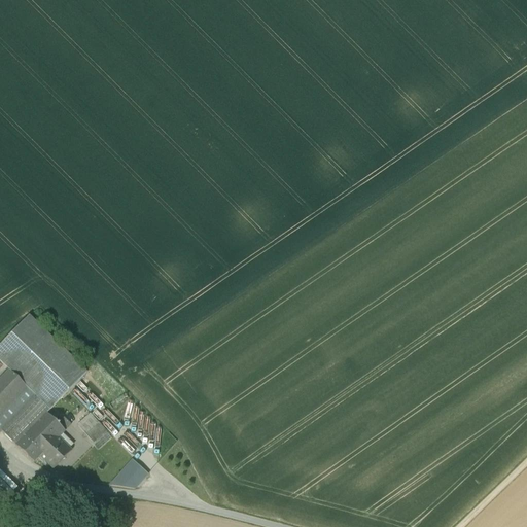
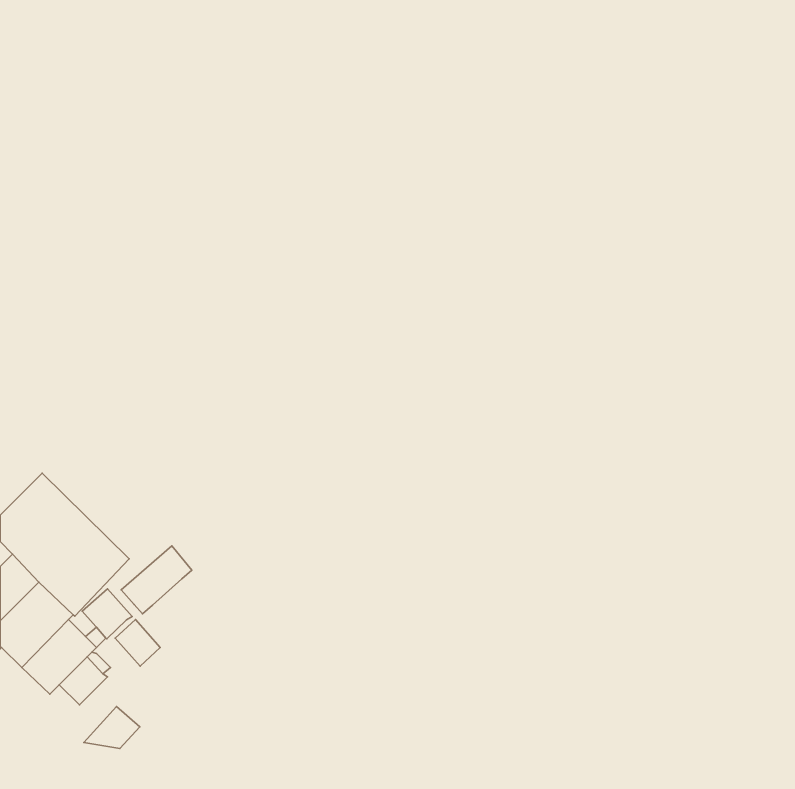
building: none -> [121,546,192,614]
building: none -> [82,589,132,639]
building: [110,458,147,486] -> [84,707,140,749]

